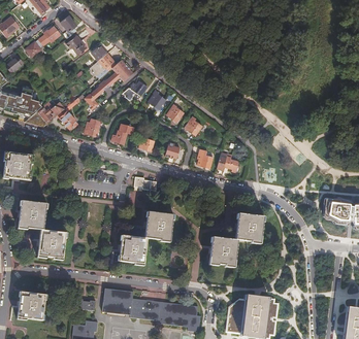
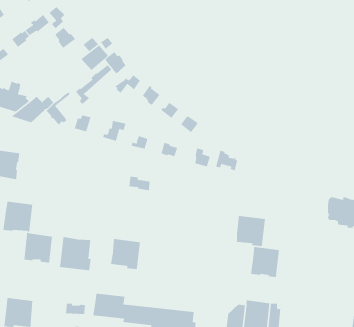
building: [144,213,172,244] -> none
building: none -> [59,236,92,271]
building: [209,237,237,267] -> [250,246,280,278]

